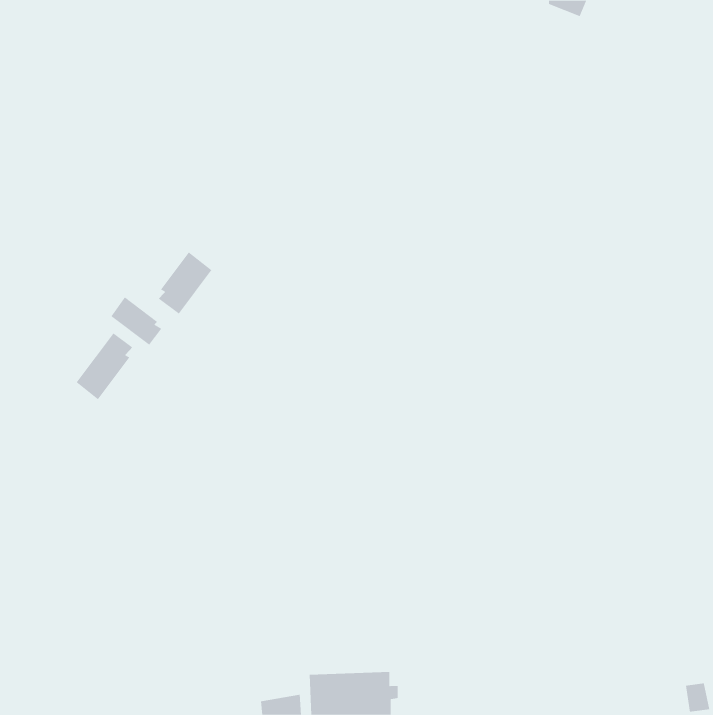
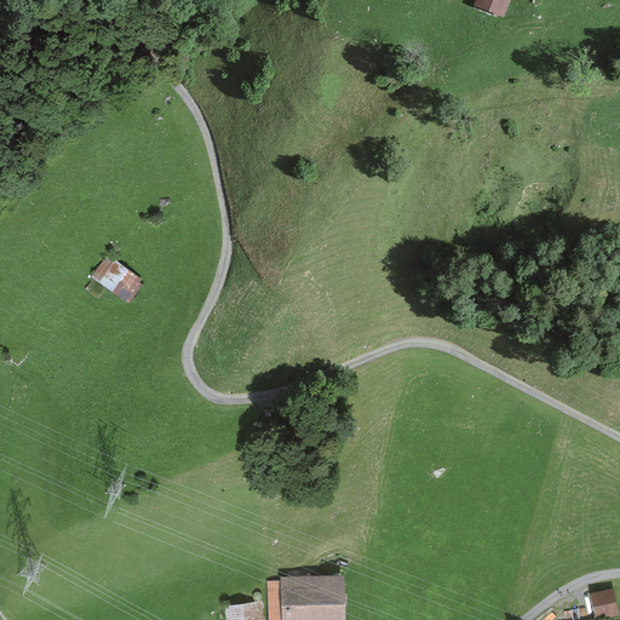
building: [158,251,212,315] -> none
building: [76,332,133,400] -> none

